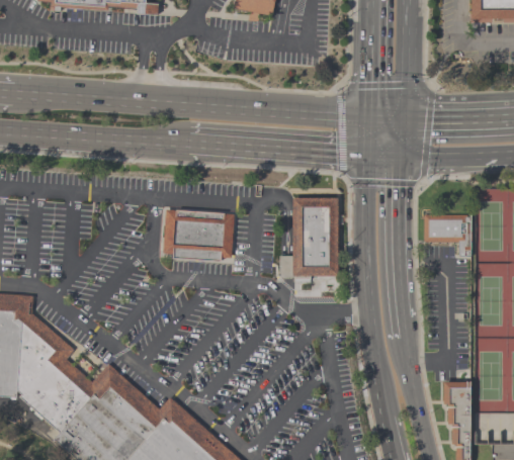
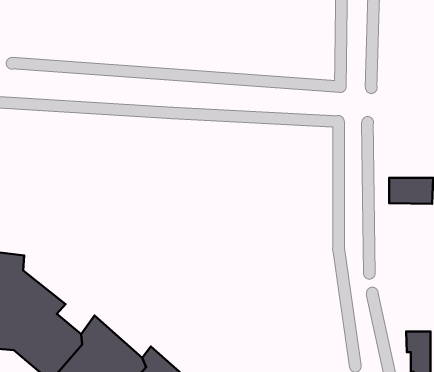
building: [290,197,338,280] -> none
building: [165,208,240,262] -> none

